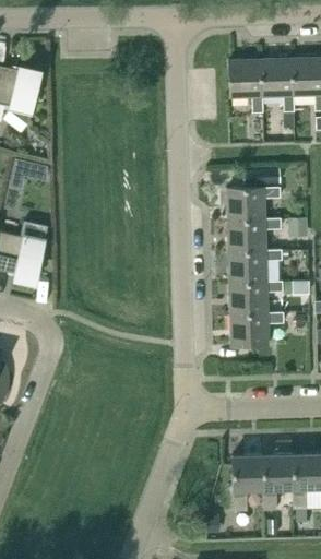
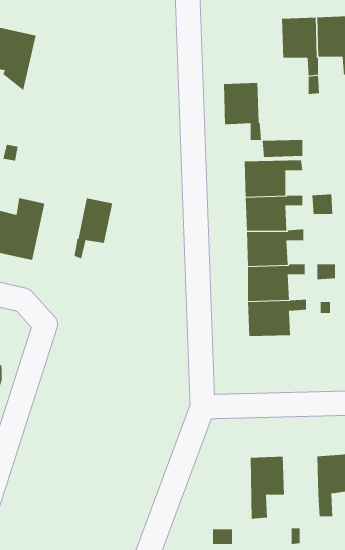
building: [228,59,263,111] -> [223,83,262,141]
building: none -> [74,197,113,259]
building: [262,454,293,510] -> none

